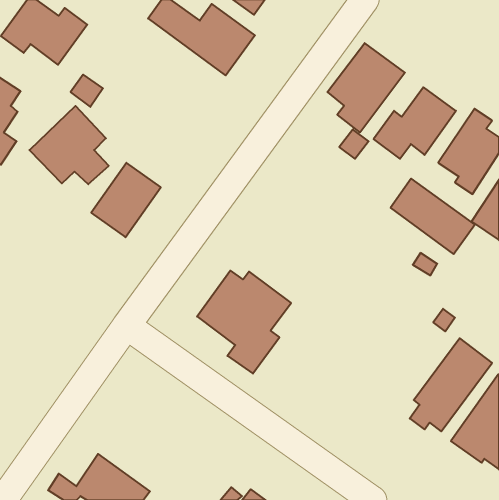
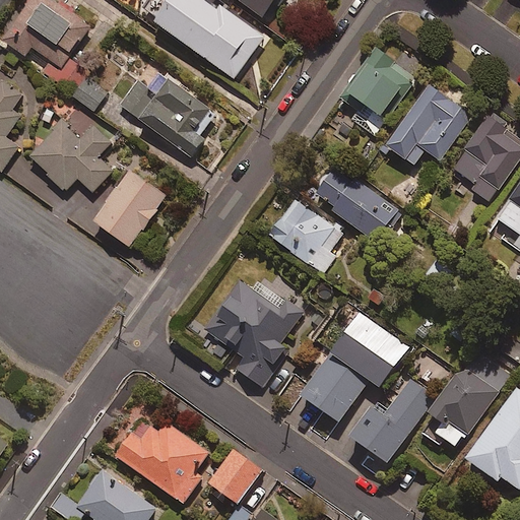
building: none -> [120,74,215,156]
building: [391,179,475,254] -> [310,162,397,241]
building: none -> [270,199,342,273]
building: none -> [301,312,408,421]
building: none -> [350,378,437,462]
building: none -> [117,419,208,503]
building: none -> [209,449,261,503]

